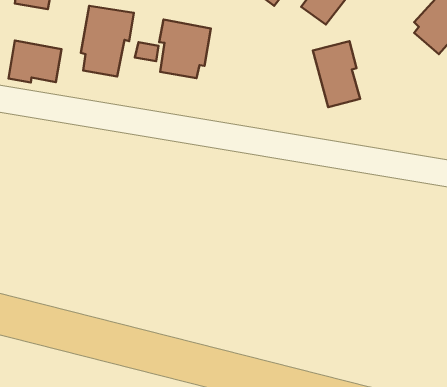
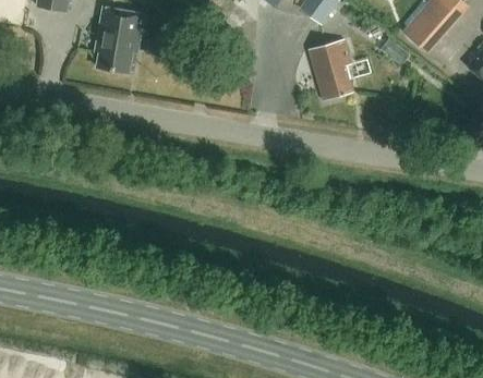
building: [159,20,211,78] -> none
building: [8,41,61,82] -> none

